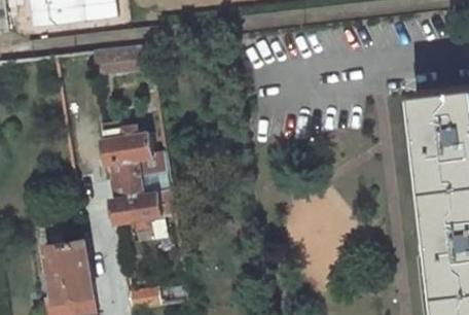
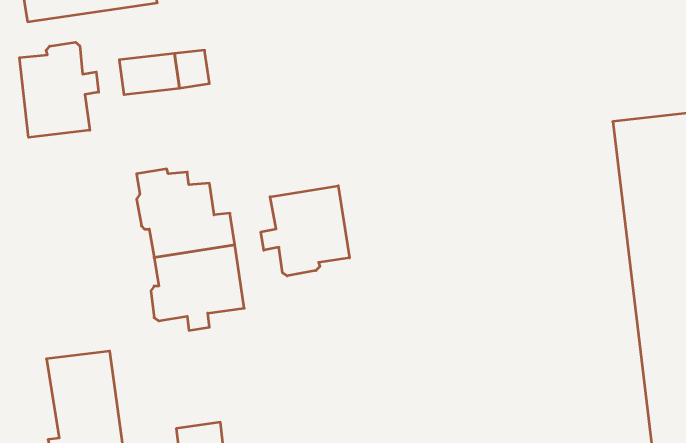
building: none -> [20,42,99,137]
building: none -> [261,186,349,276]

